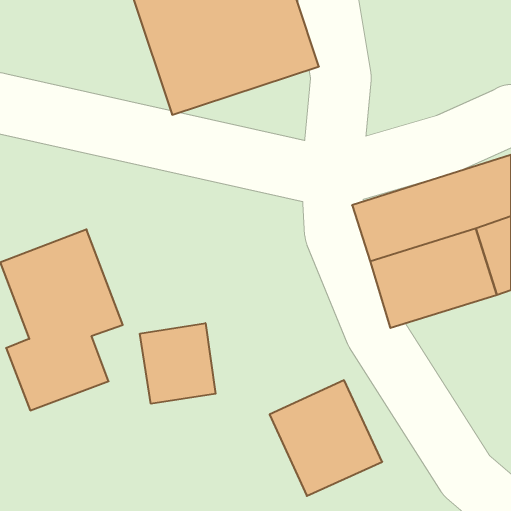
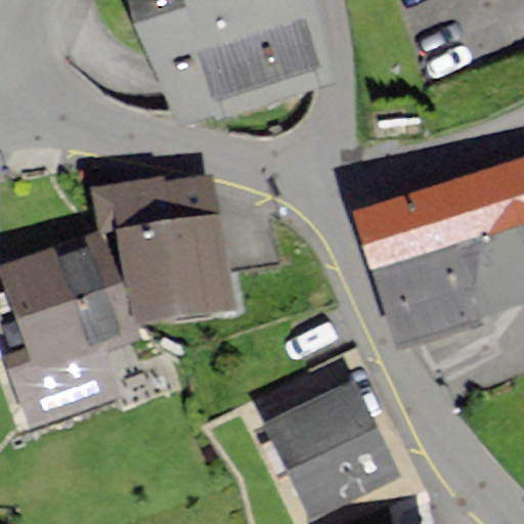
building: none -> [95,175,226,314]
building: [140,323,216,404] -> none

